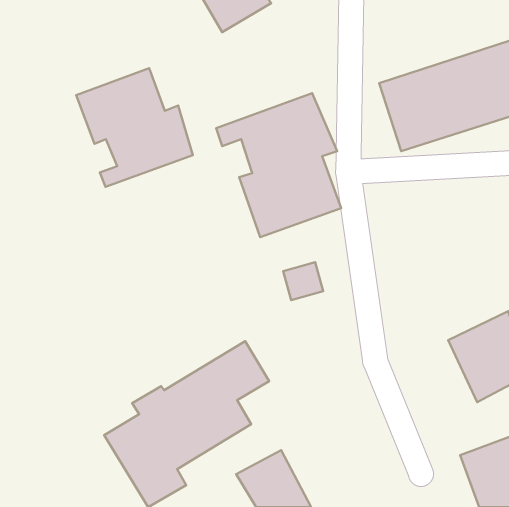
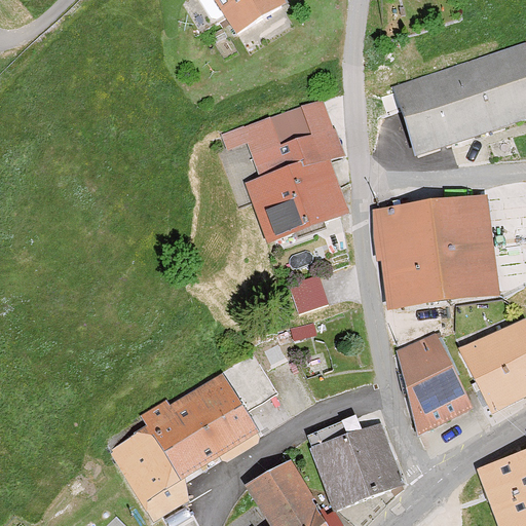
building: [76,68,193,187] -> none
building: none -> [372,196,498,310]
building: none -> [393,337,467,435]
building: none -> [312,421,402,506]

